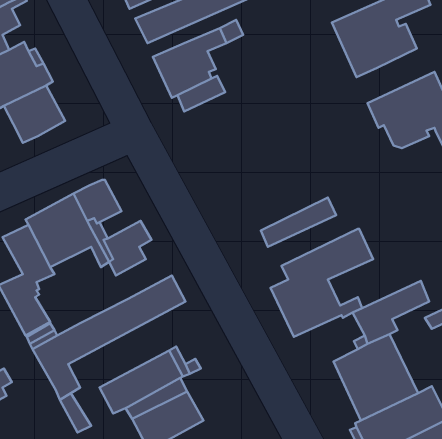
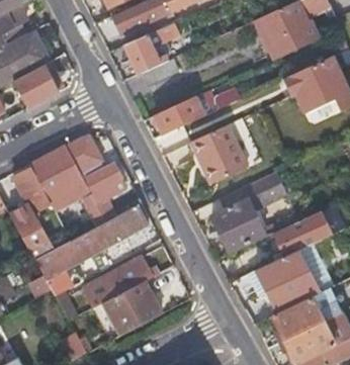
building: none -> [153,86,243,133]
building: none -> [190,120,253,172]

